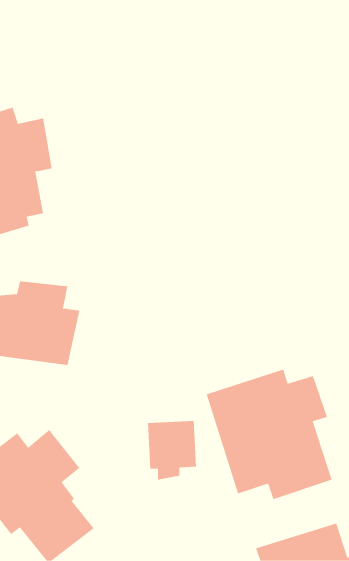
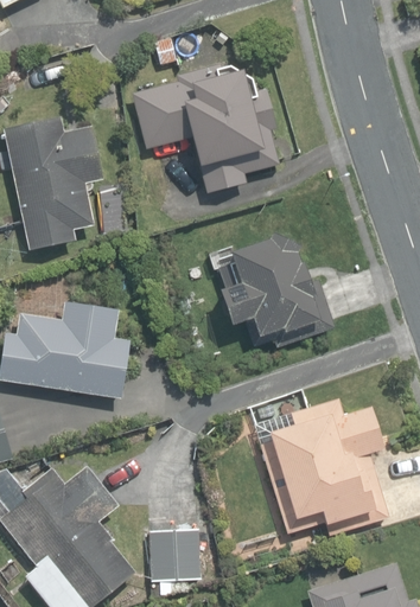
building: none -> [132,62,280,193]
building: none -> [219,230,336,347]
building: [147,421,197,480] -> [148,530,202,594]

